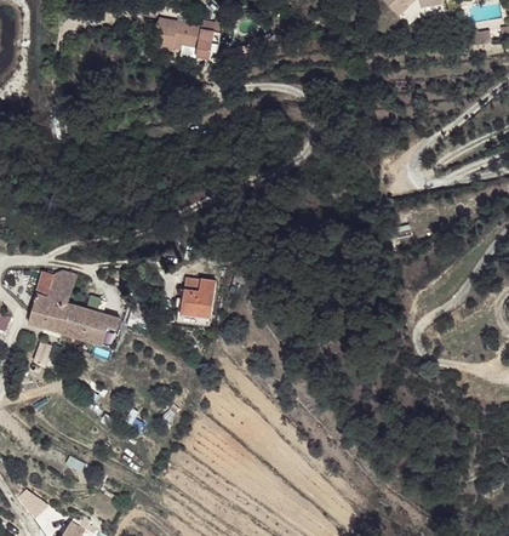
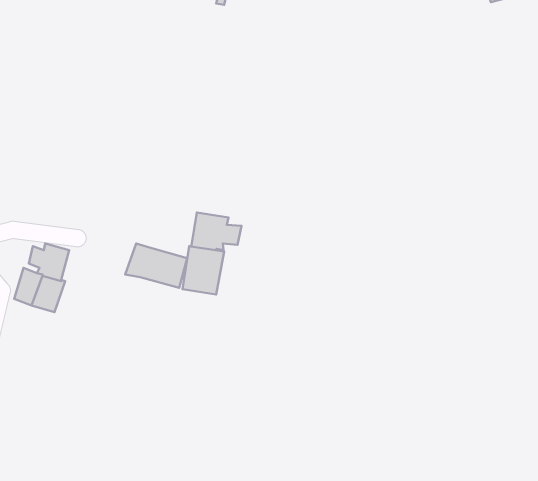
building: none -> [191,213,241,250]
building: [64,304,120,344] -> [125,243,187,288]

